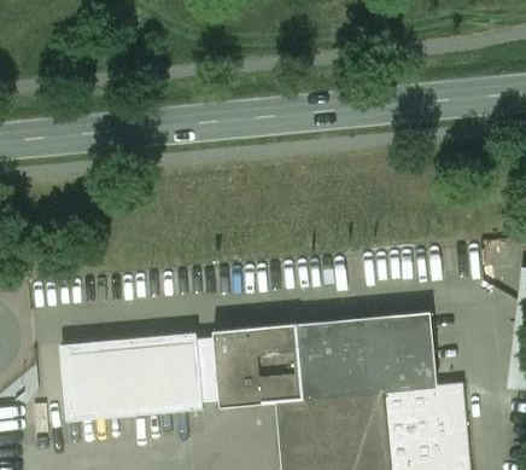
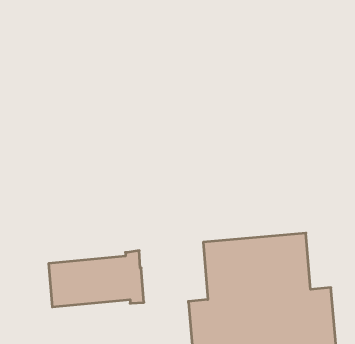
building: [212,325,302,408] -> none
building: [59,333,203,422] -> none

